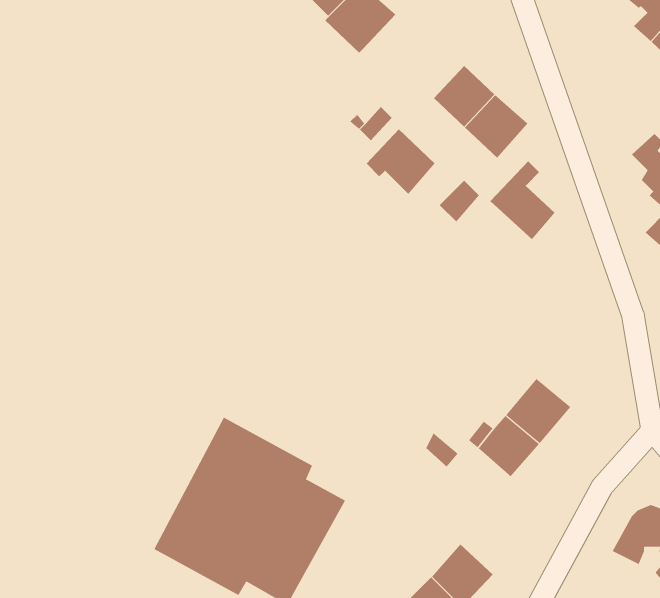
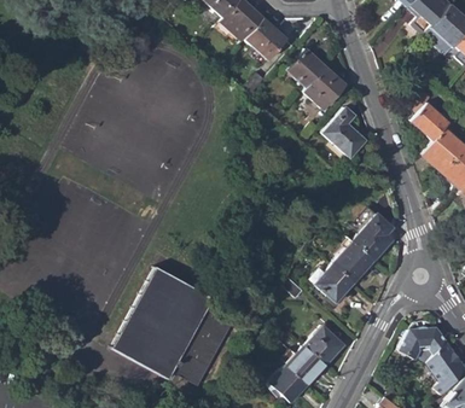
building: [366,129,436,195] -> [245,17,289,58]
building: none -> [353,215,393,261]
building: none -> [306,325,344,365]

